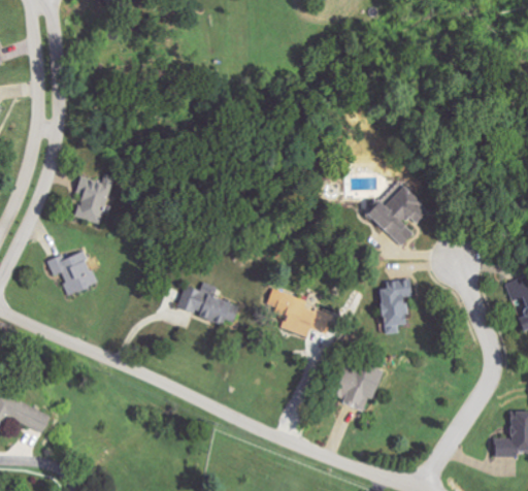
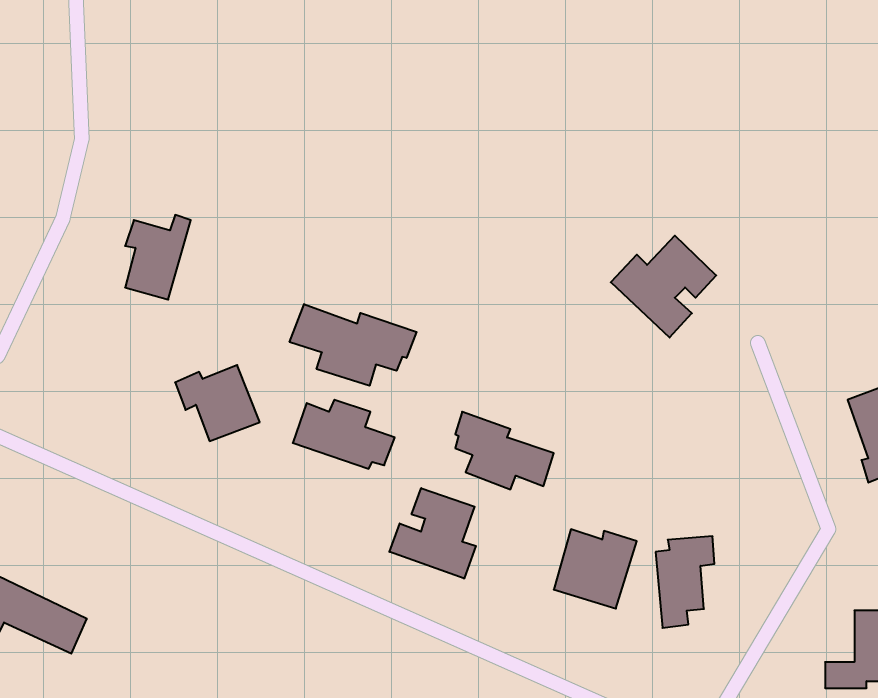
building: none -> [290,304,417,386]
building: [47,249,98,294] -> [175,365,260,441]
building: [377,279,412,333] -> [656,536,714,628]
building: none -> [389,488,476,579]

